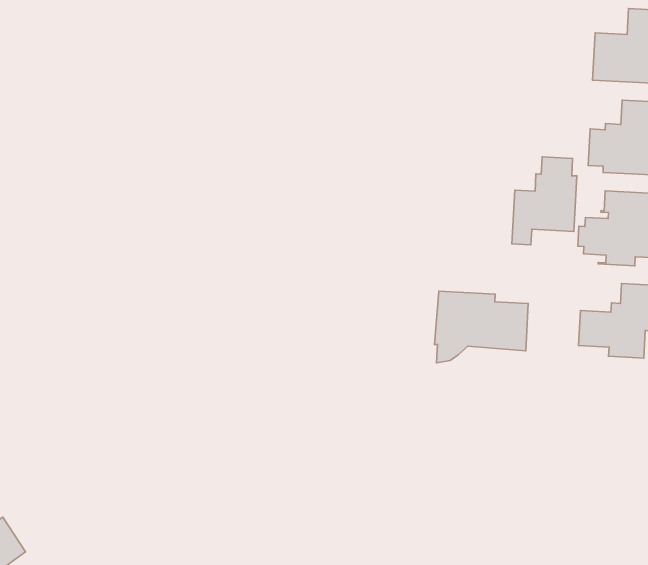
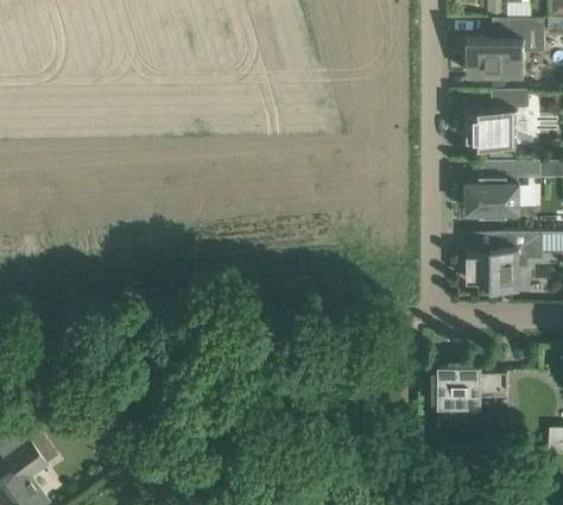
building: [512,157,577,245] -> none
building: [434,291,528,363] -> [435,365,506,421]

